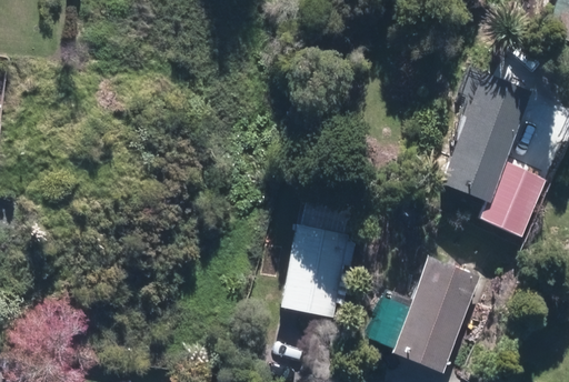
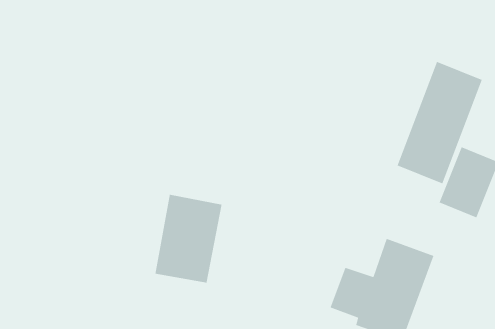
building: [279,222,352,319] -> [155,194,223,284]

